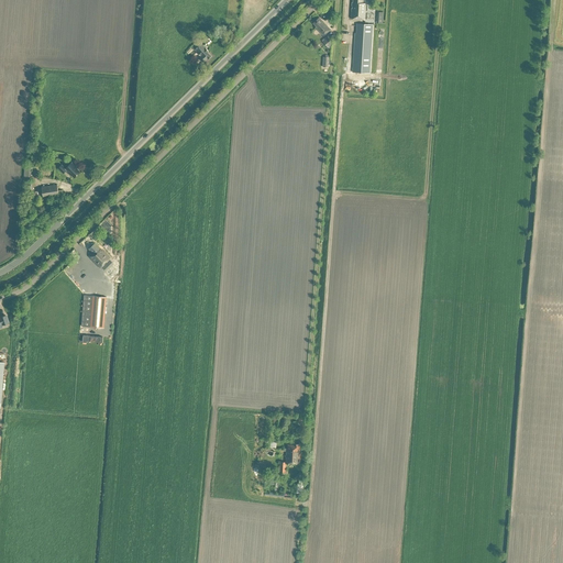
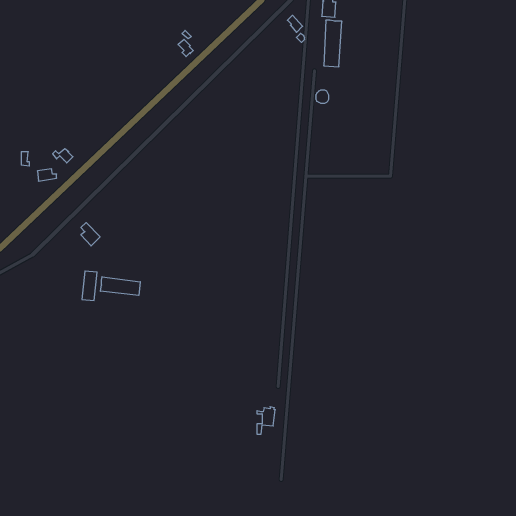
building: none -> [100,277,140,295]

